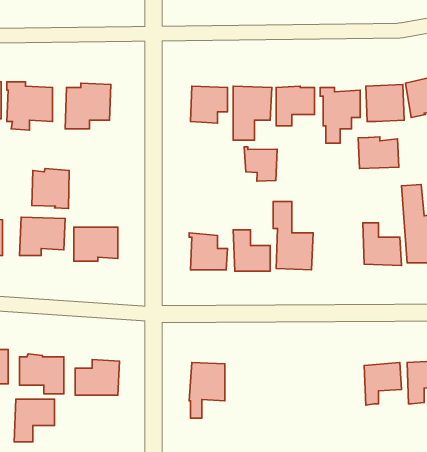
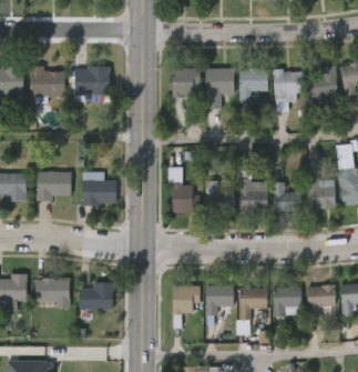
building: [358,137,399,169] -> none
building: [244,147,277,181] -> none
building: [32,168,69,209] -> none
building: none -> [273,182,303,212]
building: none -> [206,285,234,308]
building: none -> [274,286,303,316]
building: none -> [238,288,267,320]
building: [14,399,54,442] -> none

